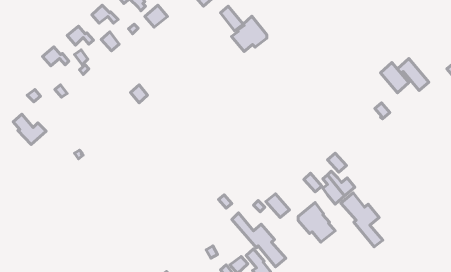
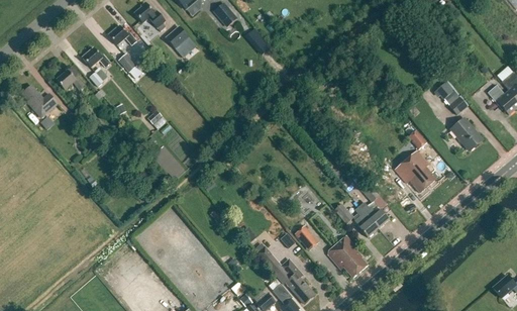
building: [231,16,267,52] -> none
building: [380,62,409,93] -> [451,118,482,150]
building: [13,114,46,145] -> [22,85,58,117]
building: none -> [395,150,436,193]
building: [341,193,383,247] -> none

